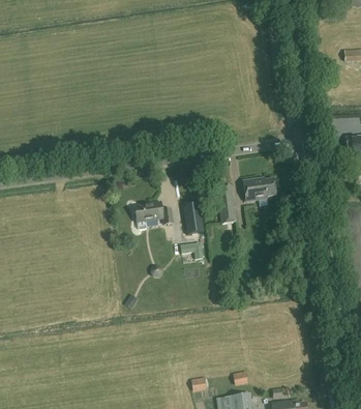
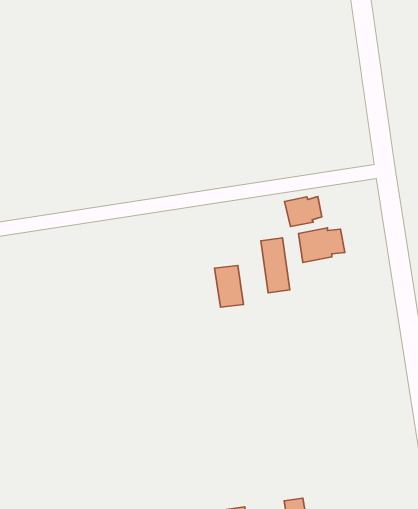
building: none -> [284,196,322,227]
building: [134,202,173,224] -> none

